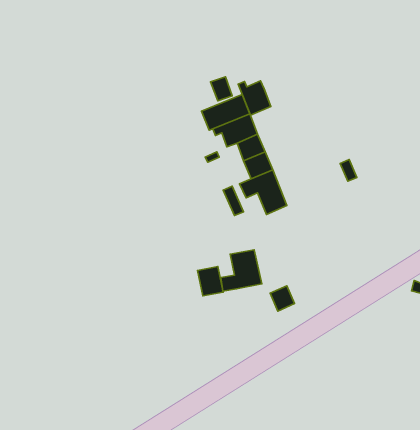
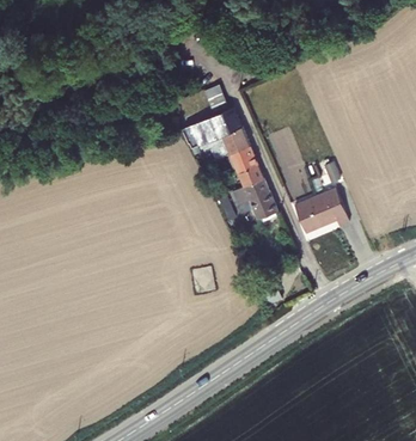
building: [238,81,271,115] -> none
building: none -> [295,189,350,234]
building: [221,250,262,291] -> none

